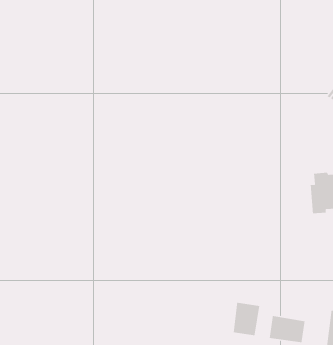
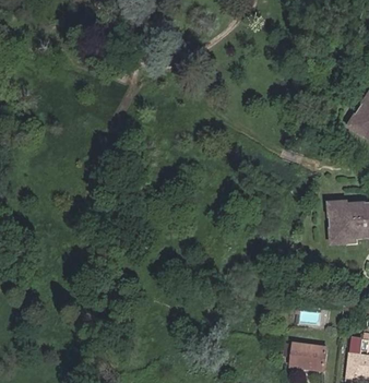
building: [233,302,260,336] -> none

